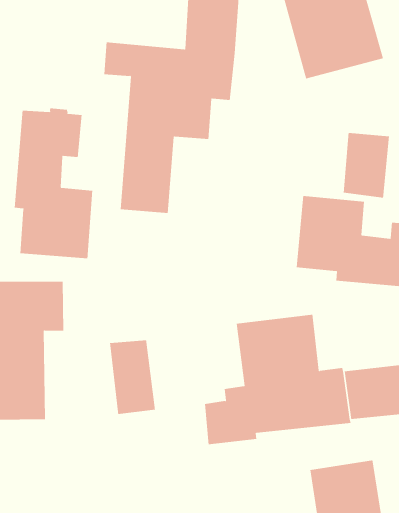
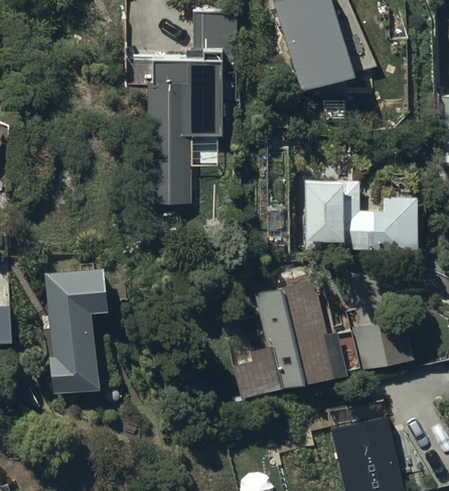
building: [14,108,93,259] -> none
building: [343,132,389,198] -> none
building: [109,340,156,415] -> none

